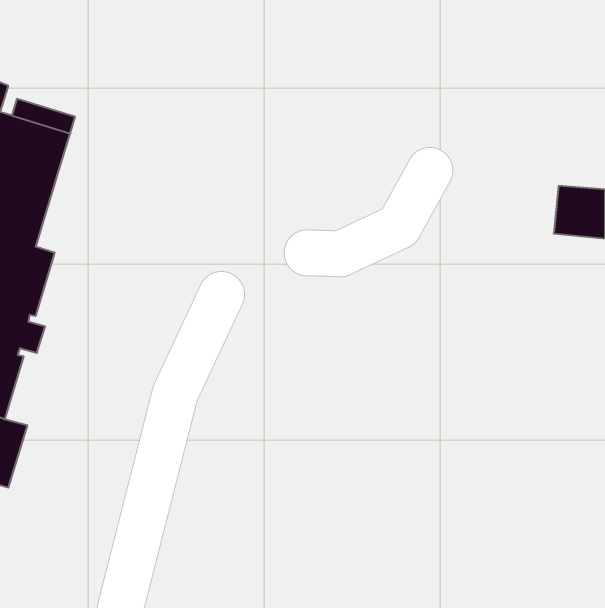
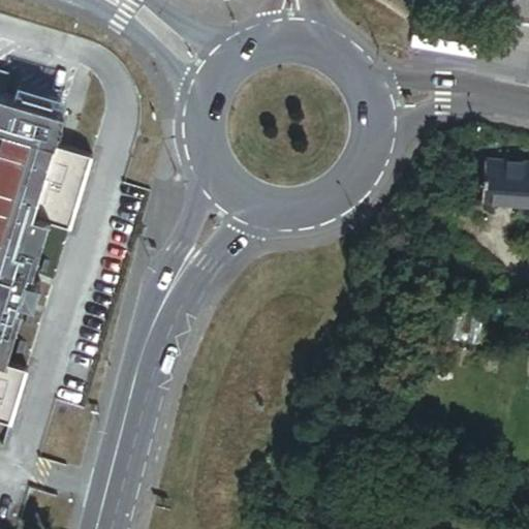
building: none -> [31,147,90,227]

